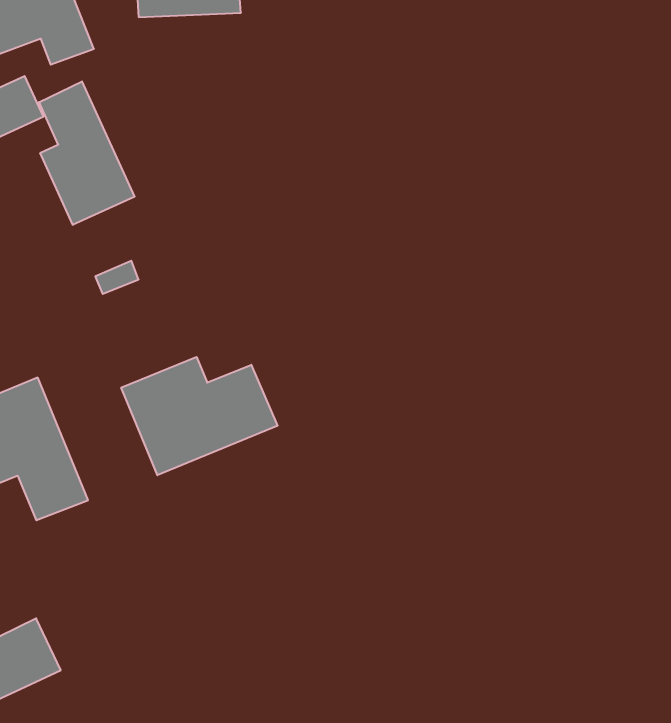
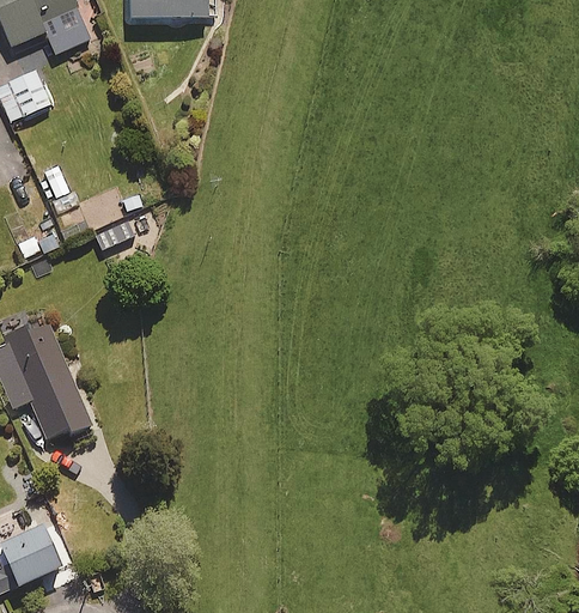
building: [39,81,135,225] -> none
building: [121,357,278,475] -> none

